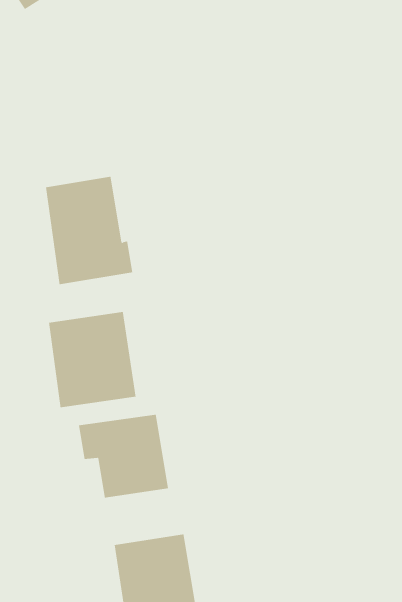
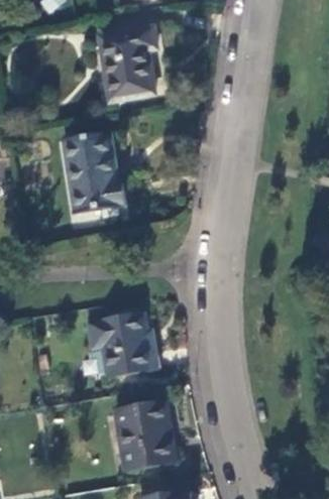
building: none -> [101,32,157,106]
building: [49,311,136,408] -> none

